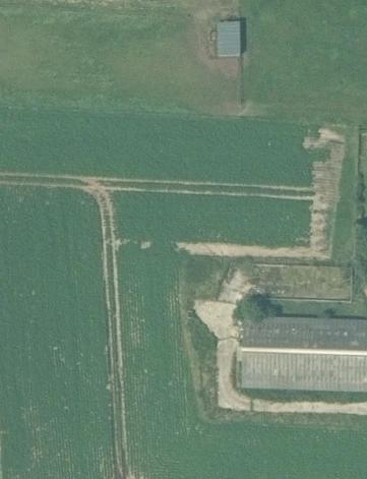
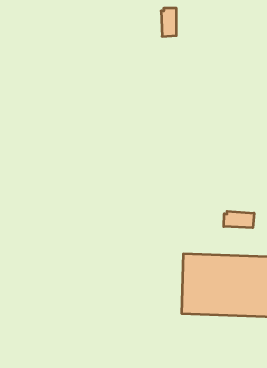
building: none -> [224,211,254,228]

